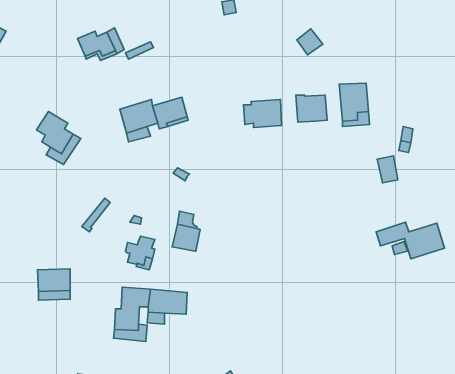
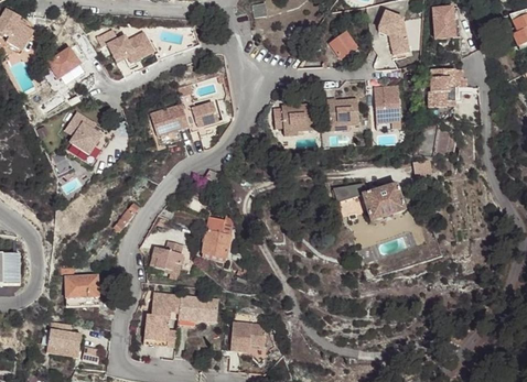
building: none -> [432,9,459,40]
building: none -> [378,13,410,56]
building: none -> [44,45,80,79]
building: none -> [427,70,465,109]
building: [376,222,445,259] -> [334,183,404,220]
building: none -> [230,321,266,352]
building: none -> [46,327,79,356]

